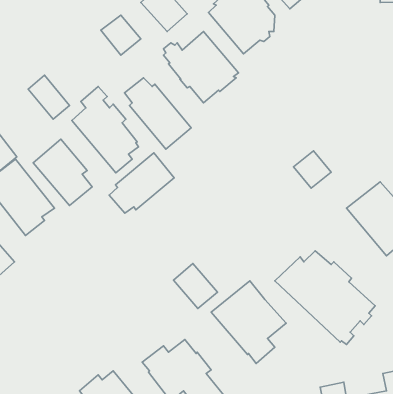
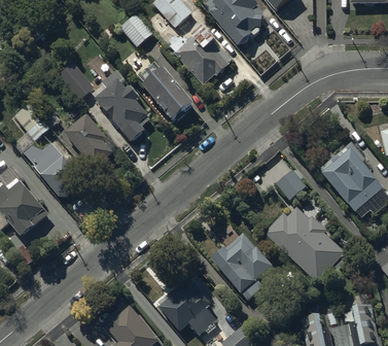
building: [293,151,331,188] -> [275,169,306,200]
building: [109,153,174,213] -> none
building: [173,264,217,309] -> none

